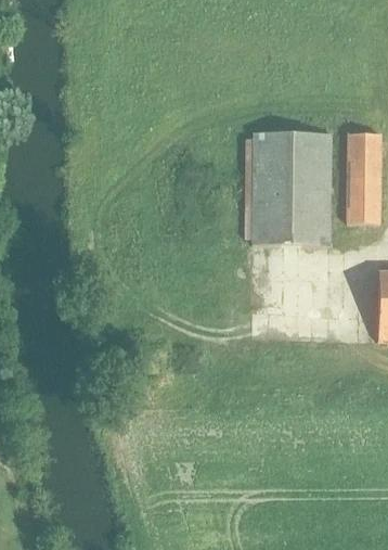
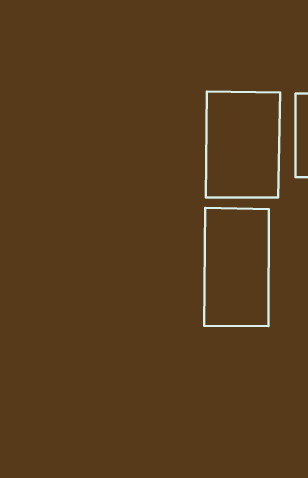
building: none -> [204,208,269,326]

